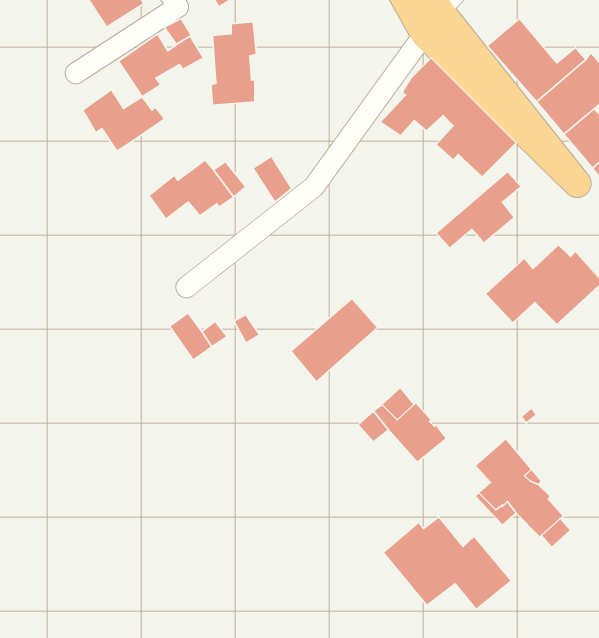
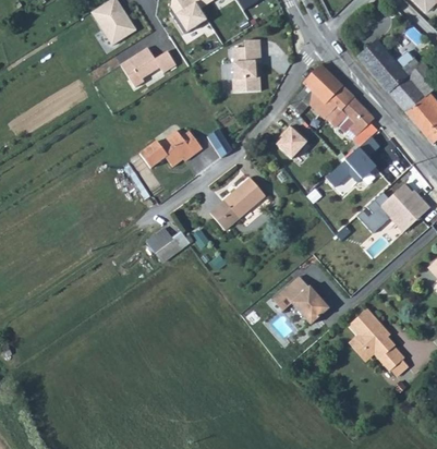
building: [211,22,257,105] -> [231,39,260,93]
building: [82,90,165,151] -> none
building: none -> [272,129,304,159]
building: [291,299,377,382] -> [209,178,265,231]
building: [383,517,512,609] -> none

